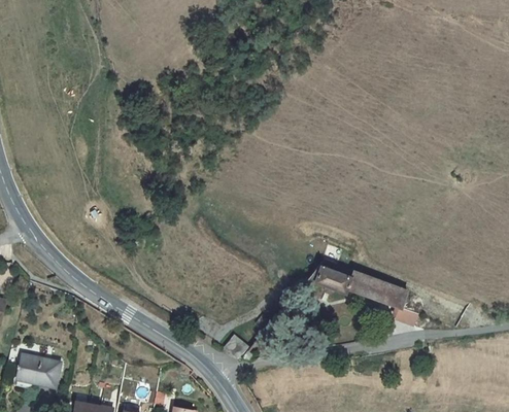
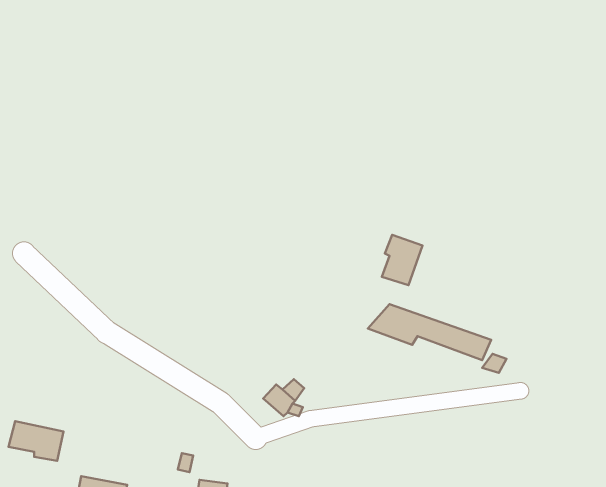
building: none -> [382,235,423,285]

